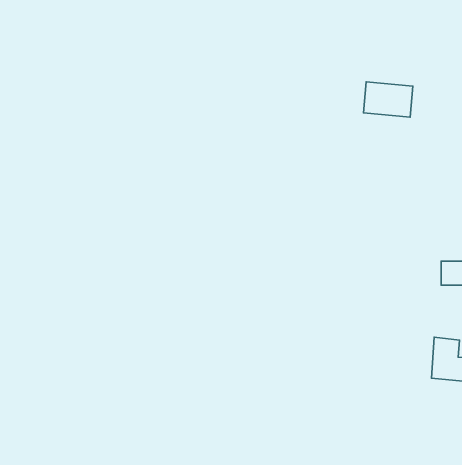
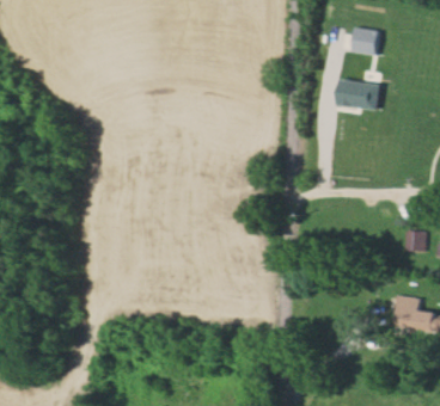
building: none -> [352,27,378,54]

